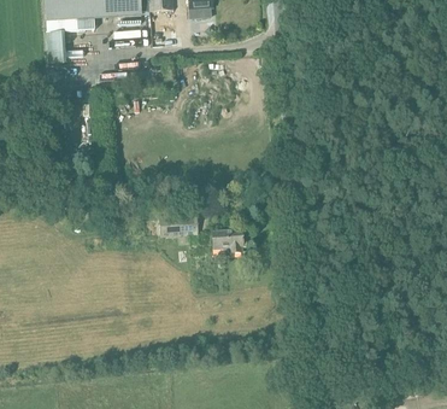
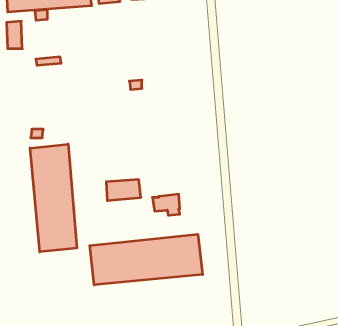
building: none -> [30,144,77,252]
building: none -> [90,234,203,285]

